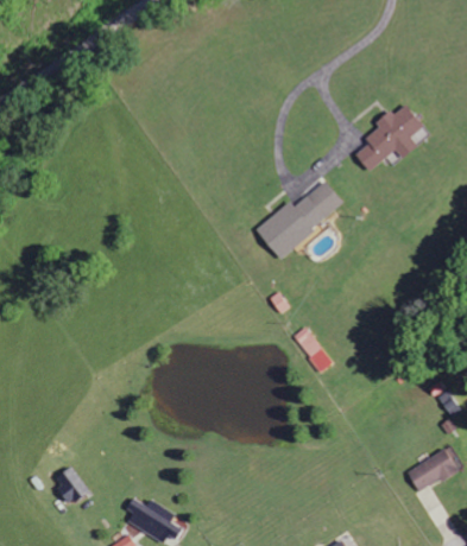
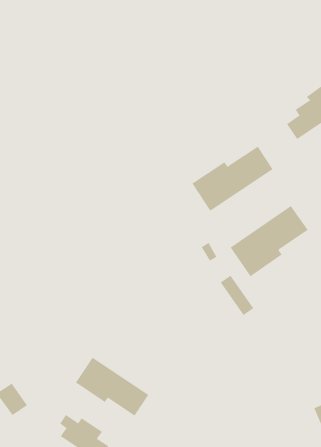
building: none -> [230,205,308,277]
building: none -> [75,357,149,417]

